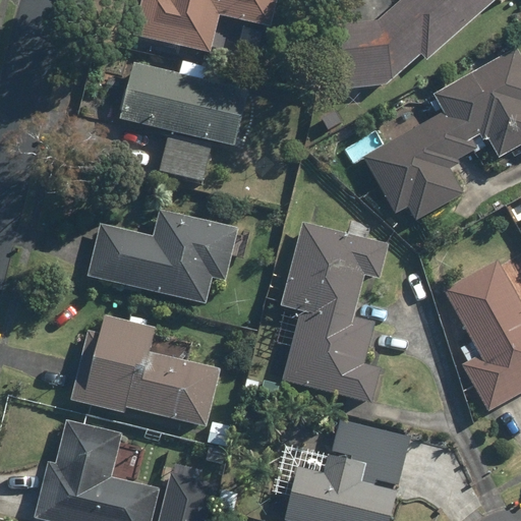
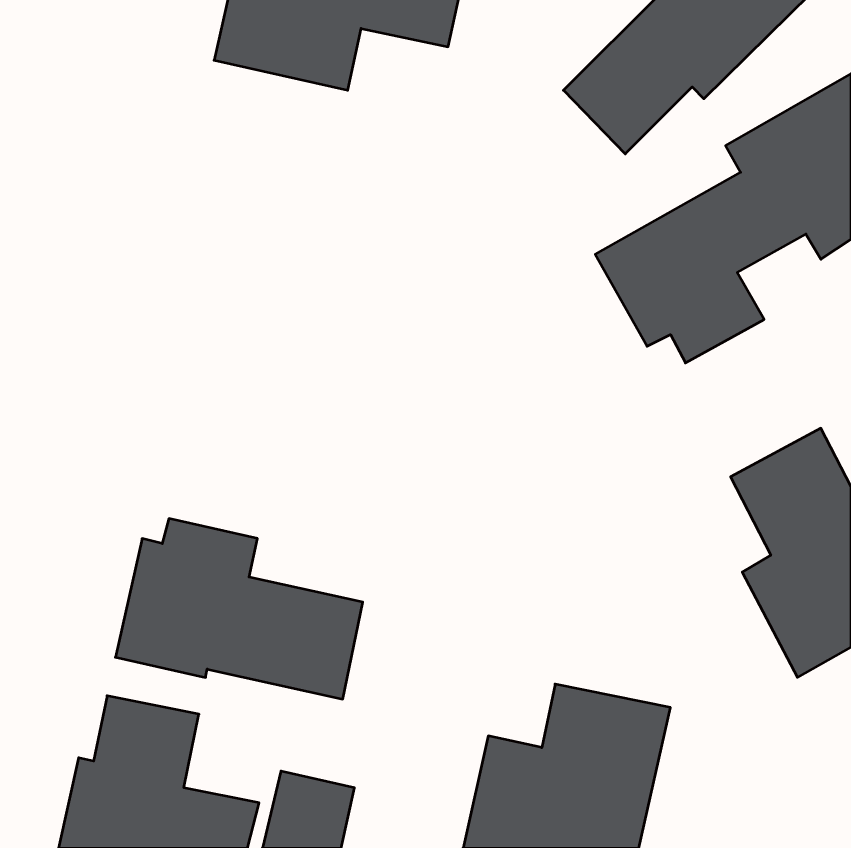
building: [117,59,249,180] -> none
building: [88,210,239,302] -> none
building: [280,220,389,404] -> none

